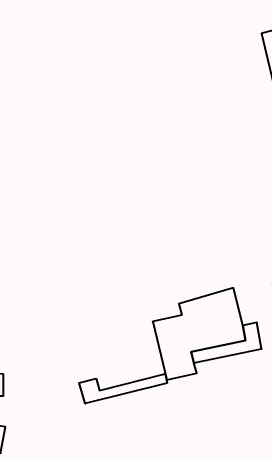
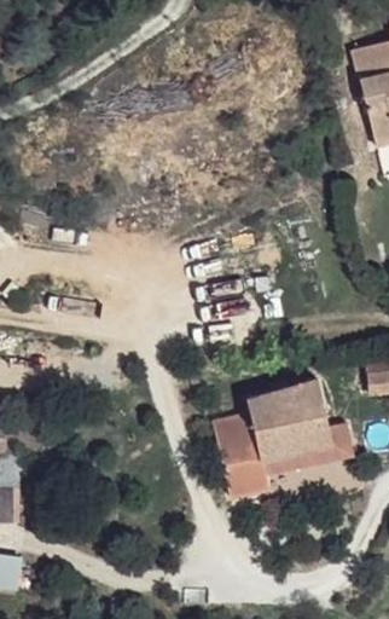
building: [79,374,167,404] -> none

